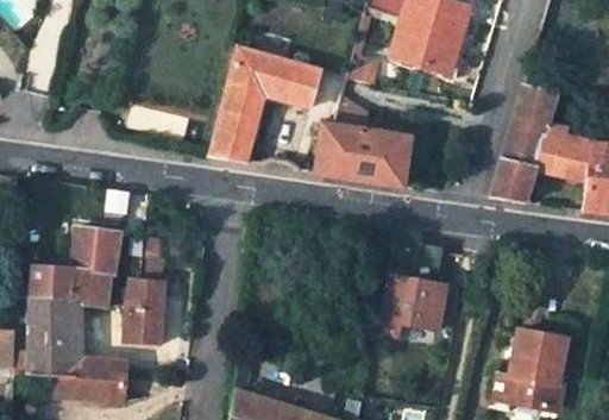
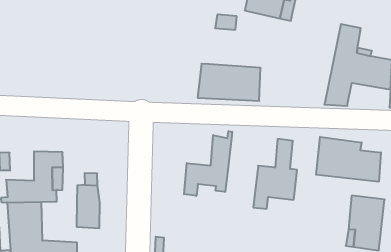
building: [211,50,316,162] -> none
building: none -> [184,131,232,196]
building: none -> [316,137,381,182]

